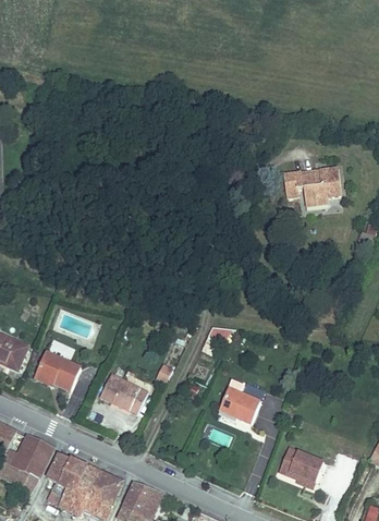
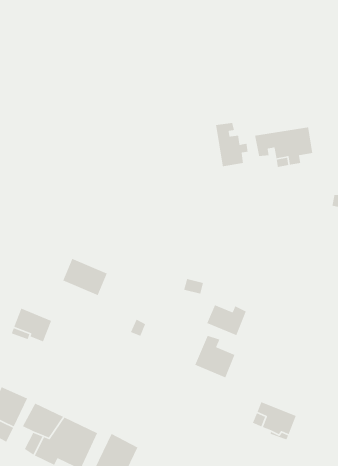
building: none -> [215,122,248,167]
building: none -> [206,304,247,336]
building: [99,376,145,414] -> [62,258,108,296]

